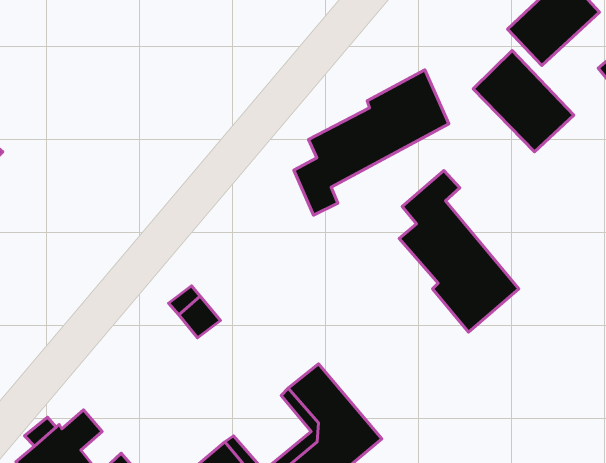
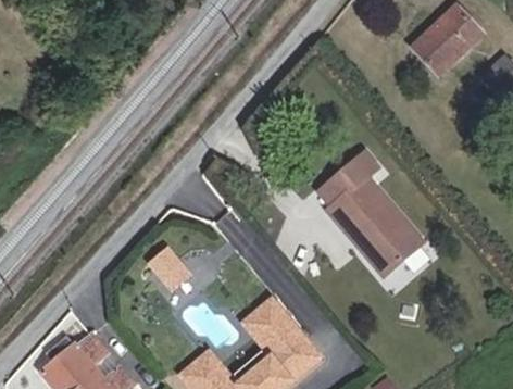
building: [473,50,574,152] -> none
building: [294,70,449,215] -> none

